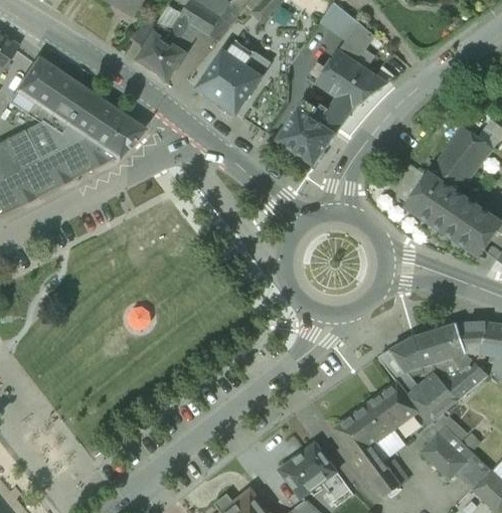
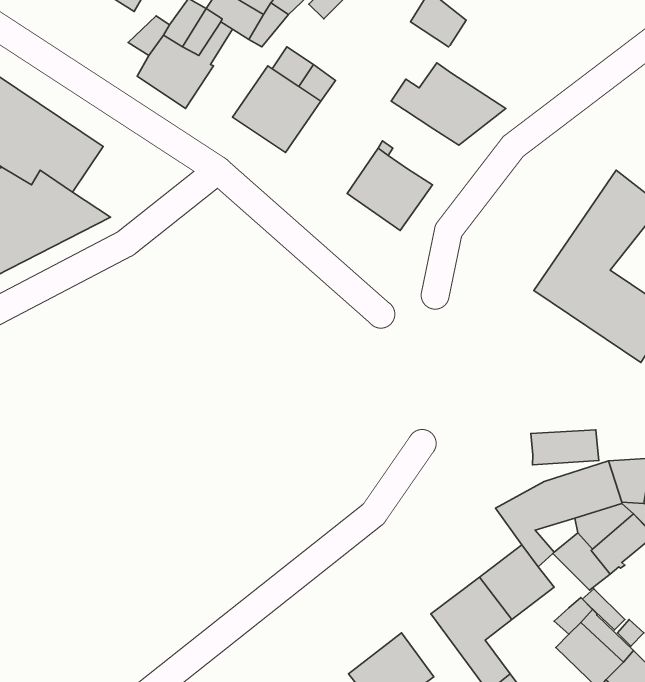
building: [339,21,373,57] -> none
building: [319,96,354,134] -> none
building: [90,108,143,157] -> none
building: none -> [531,430,599,465]
building: [408,386,444,423] -> none

